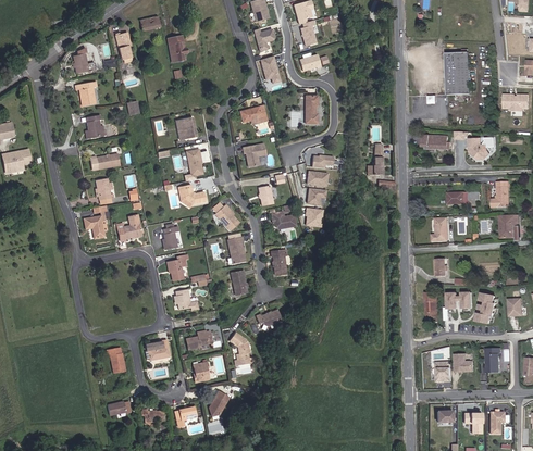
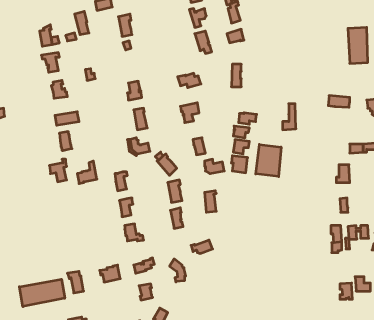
building: none -> [256,144,281,177]
building: none -> [19,279,65,307]

